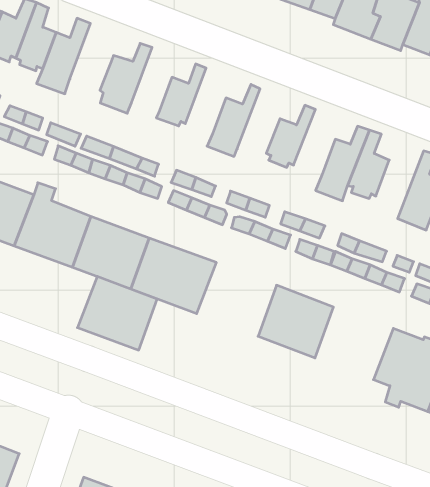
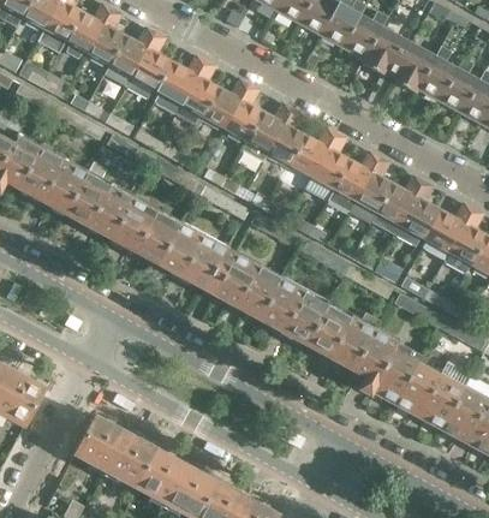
building: none -> [125,32,171,101]
building: none -> [175,60,217,125]
building: none -> [223,84,261,142]
building: none -> [264,108,304,168]
building: none -> [303,132,348,201]
building: none -> [370,174,422,234]
building: [77,276,157,350] -> [210,250,281,317]
building: none -> [305,302,380,368]

